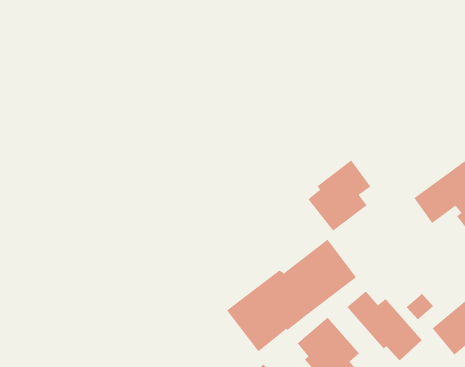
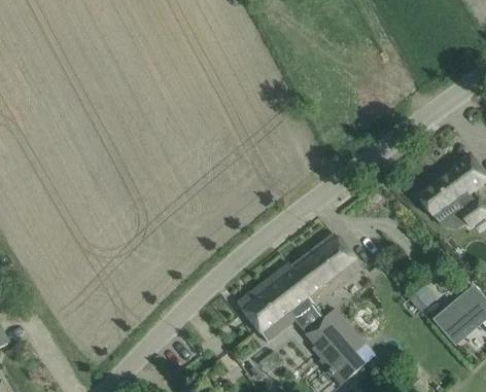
building: [308,160,371,232] -> none
building: [346,291,423,361] -> none

